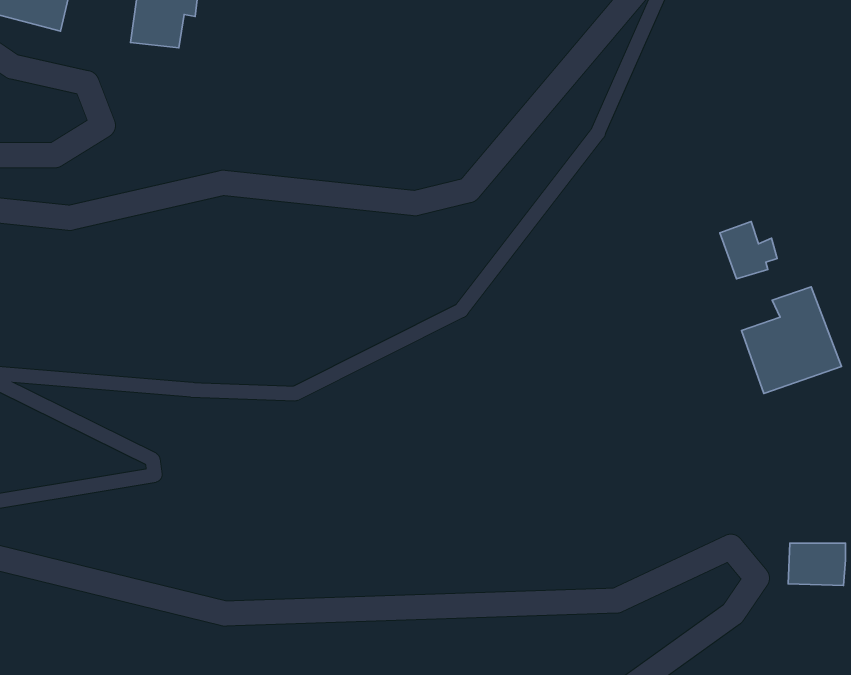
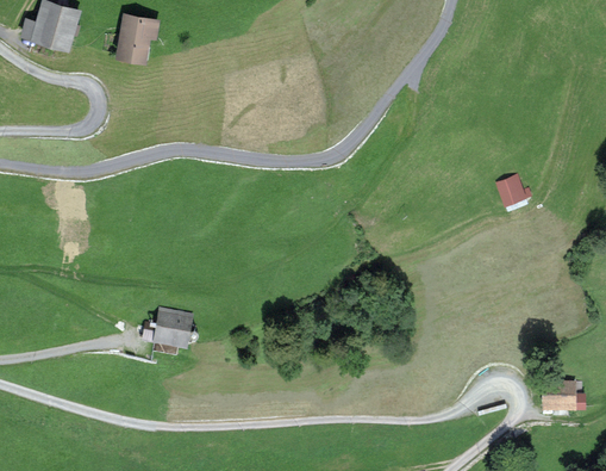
building: [741,287,841,394] -> none
building: none -> [140,310,193,346]

